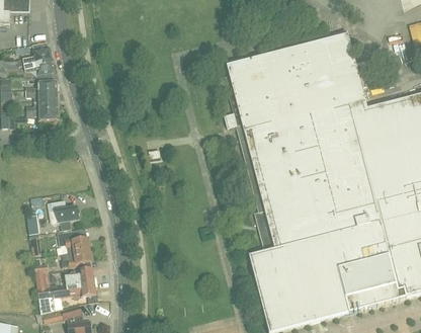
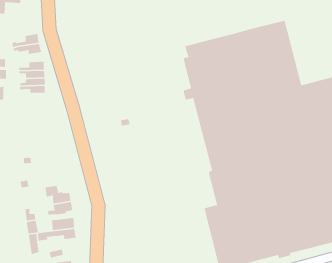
building: [49,198,80,228] -> none

